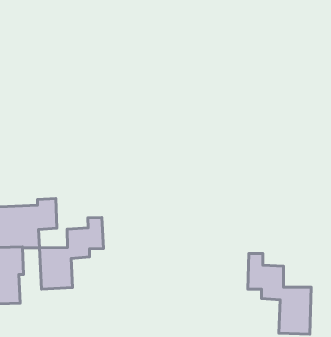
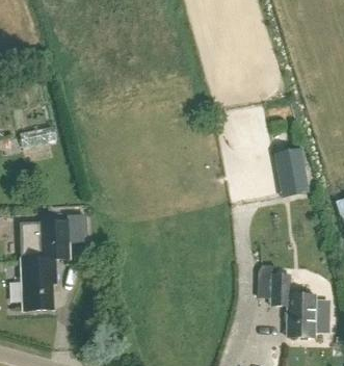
building: none -> [277,148,313,197]
building: [40,217,103,289] -> none

